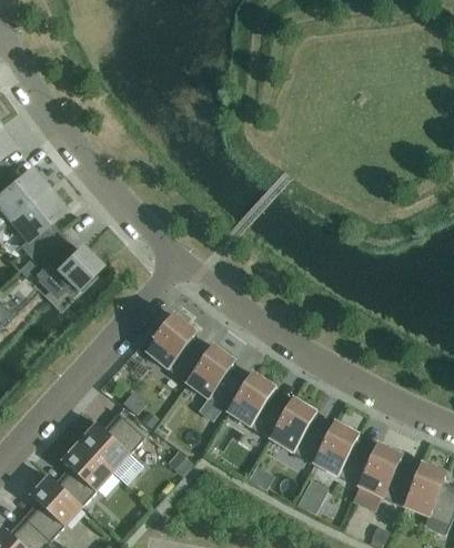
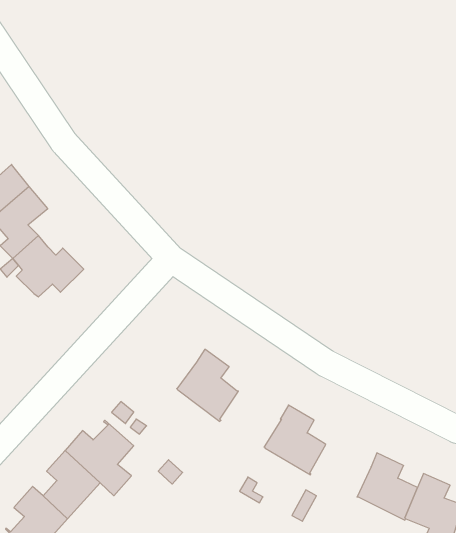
building: [147,313,205,383] -> none
building: [228,372,286,439] -> none
building: [313,422,372,486] -> none

